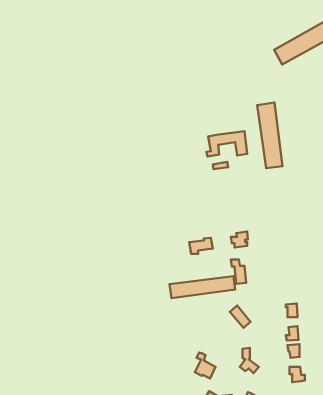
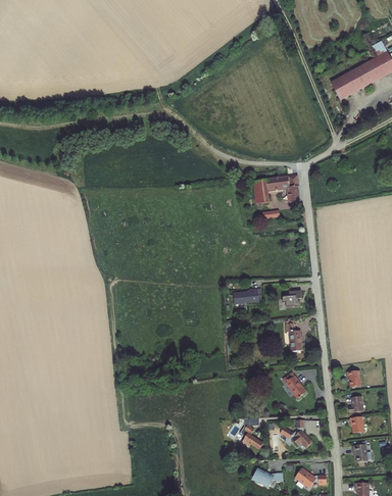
building: [257,103,283,168] -> none
building: [169,276,235,298] -> none

